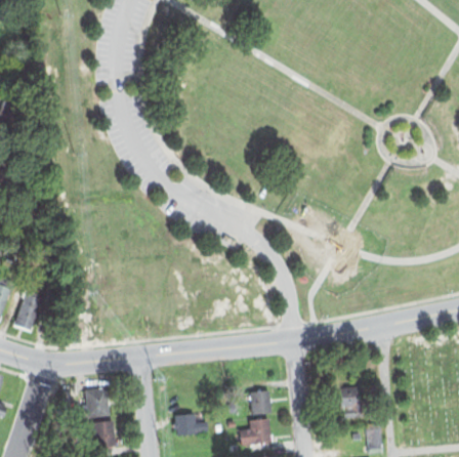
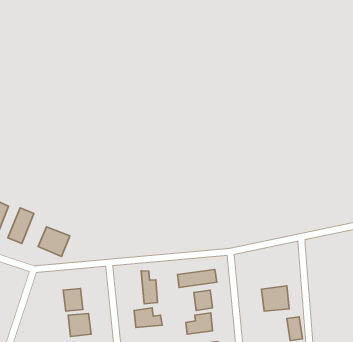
building: none -> [38,227,70,256]
building: none -> [177,269,217,287]
building: none -> [141,271,157,304]

